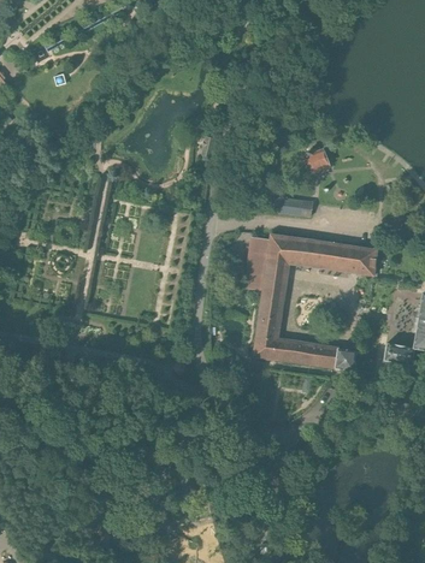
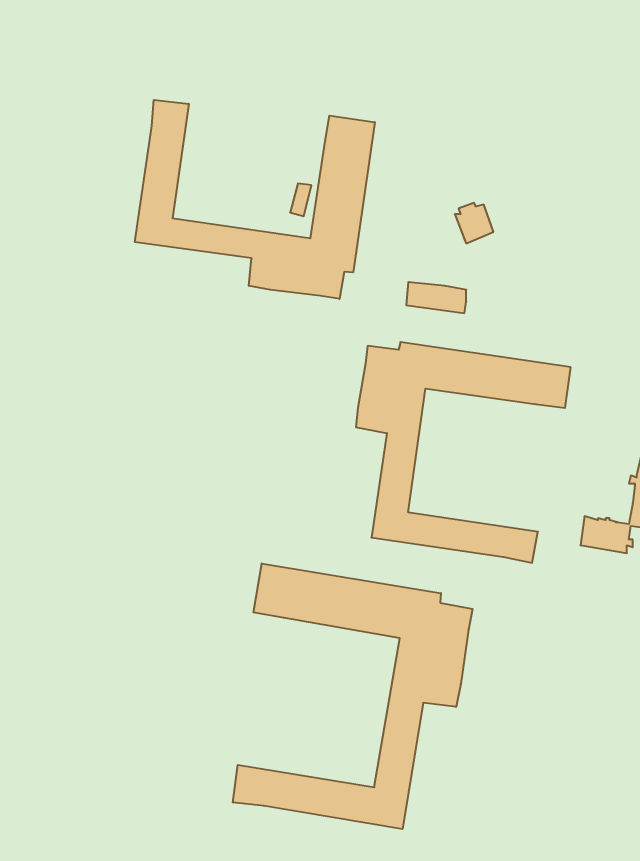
building: none -> [135,100,375,299]
building: none -> [233,563,473,829]

